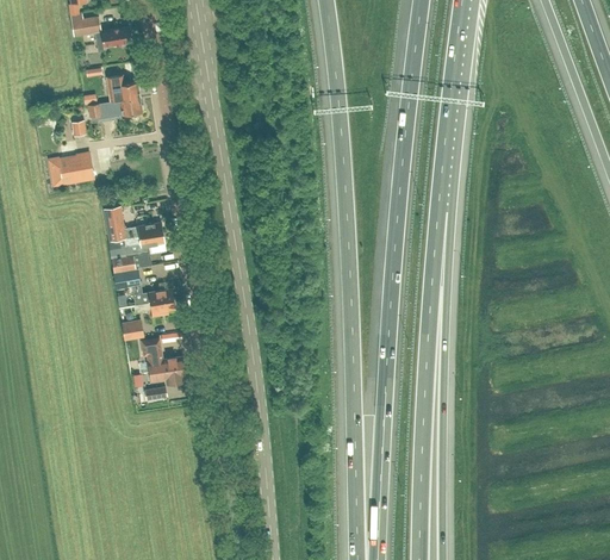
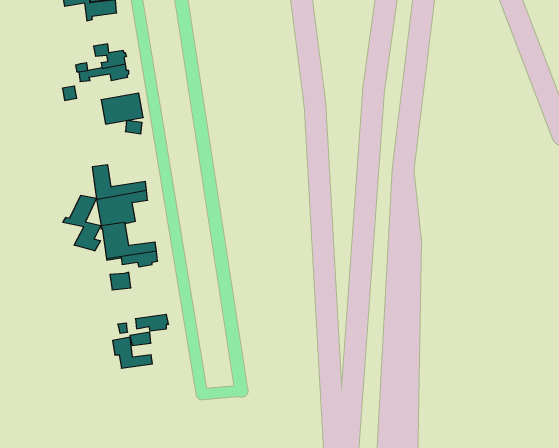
building: [49,154,94,187] -> [101,93,143,124]
building: none -> [63,195,101,251]
building: [141,338,183,372] -> [113,337,152,368]

